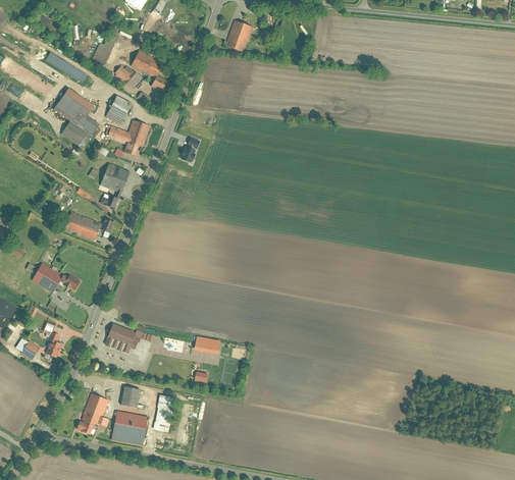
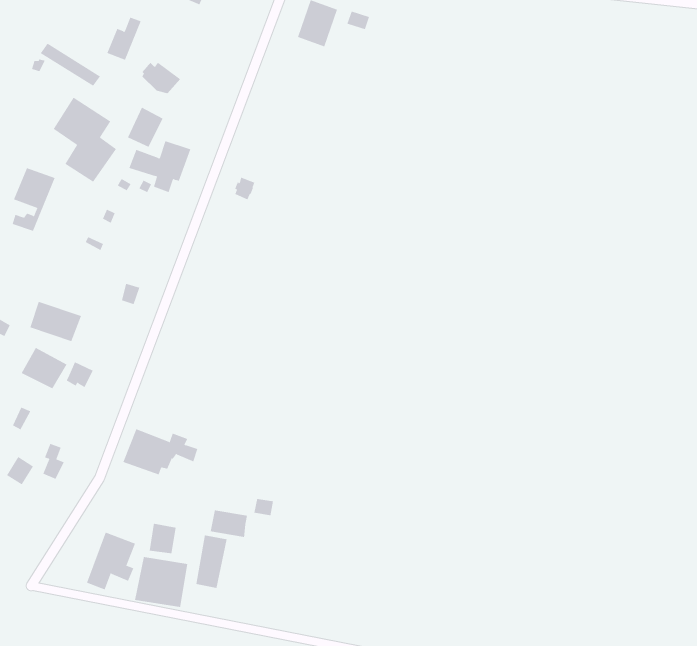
building: [131,48,168,92] -> none
building: [99,164,130,209] -> [12,168,55,232]
building: [64,212,101,241] -> [30,301,82,342]
building: [194,337,220,357] -> [210,510,248,537]

